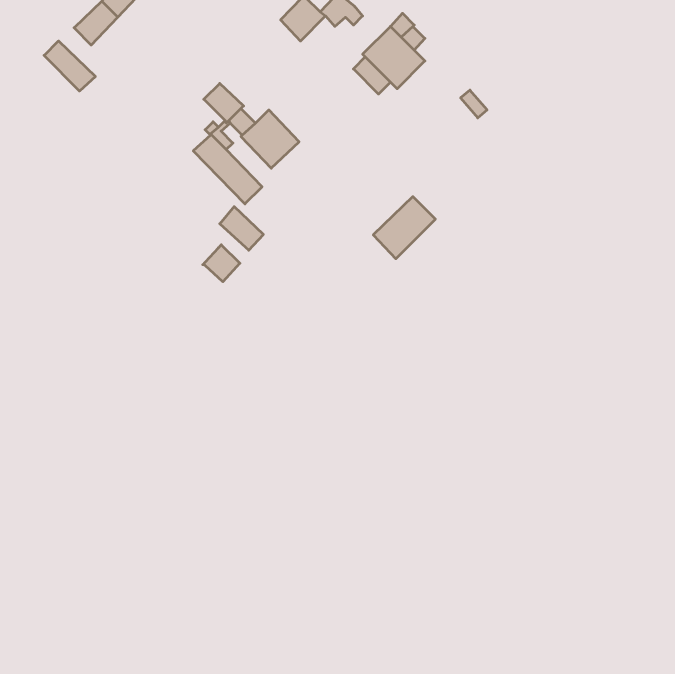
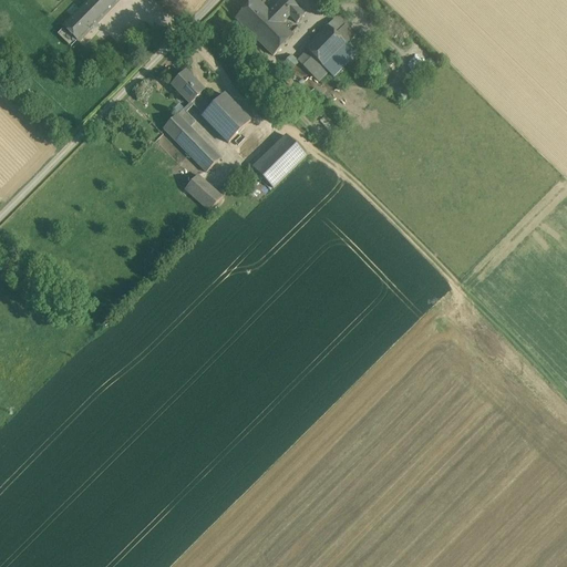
building: none -> [251,13,292,54]
building: [44,41,95,91] -> none
building: [373,197,435,259] -> [252,134,305,186]
building: [203,245,240,282] -> none

